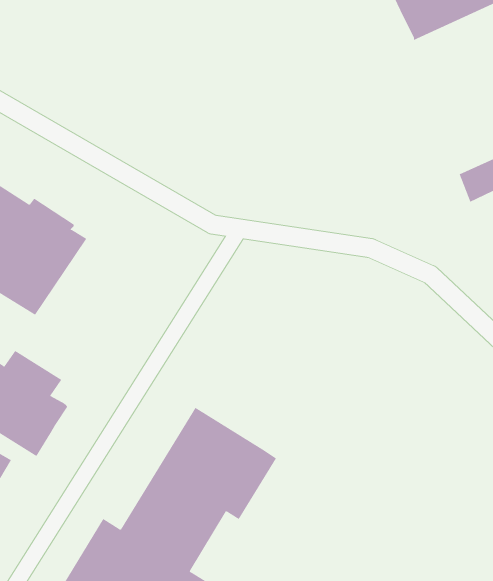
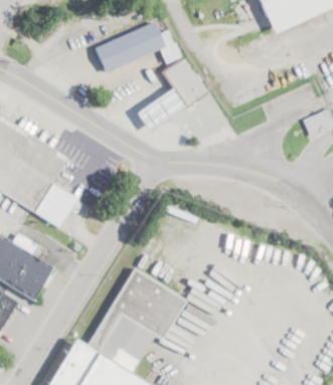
building: none -> [94,21,205,131]
building: none -> [31,181,76,226]

